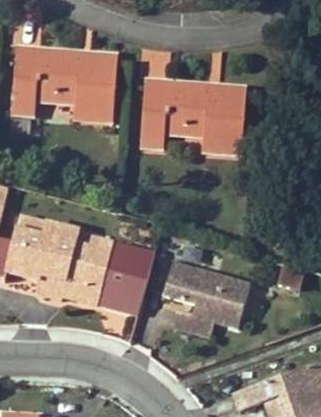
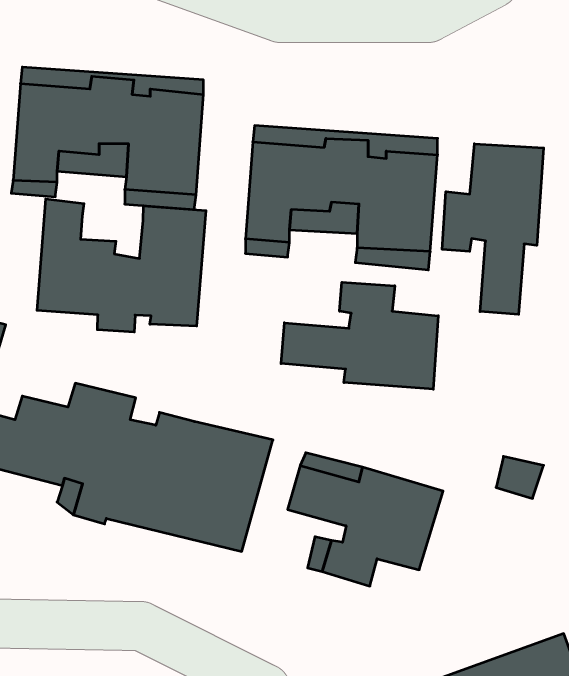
building: none -> [442,144,544,314]
building: none -> [37,199,206,332]
building: none -> [281,282,438,389]

